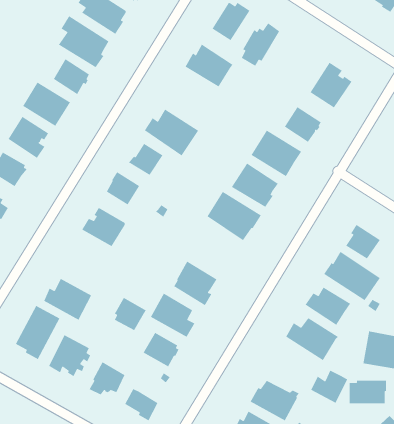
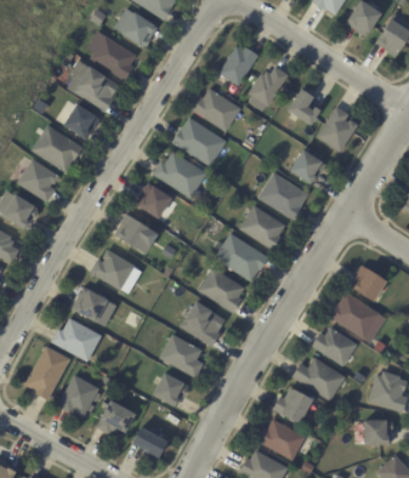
building: none -> [289,89,320,125]
building: none -> [172,116,227,166]
building: none -> [200,269,244,312]
building: [114,297,147,331] -> [75,288,108,321]
building: [310,369,348,404] -> [274,391,312,425]

